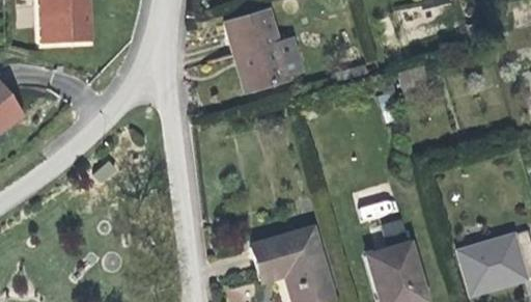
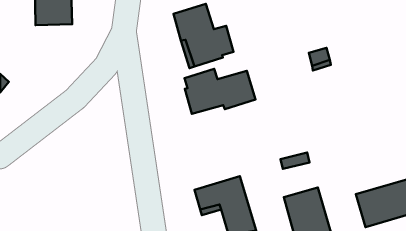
building: none -> [184,69,255,114]

